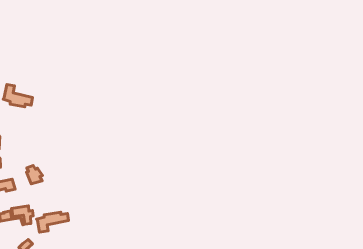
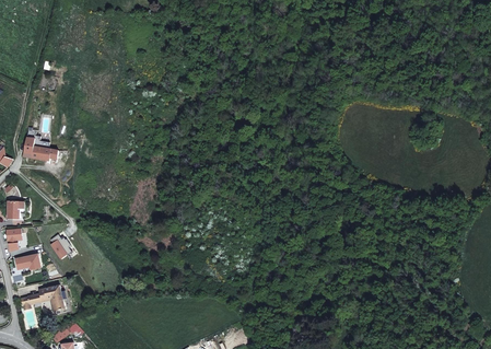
building: [37,212,69,232] -> none

